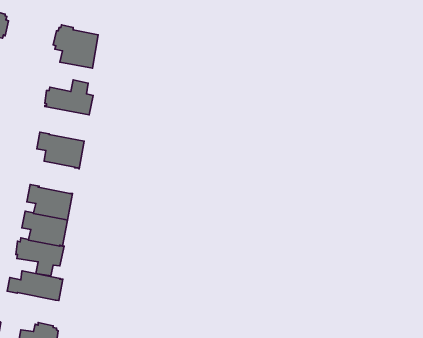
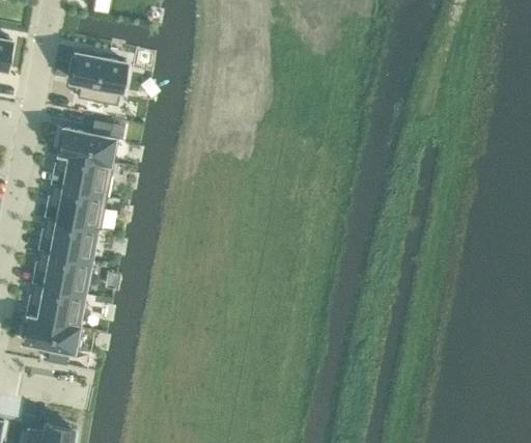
building: none -> [54,153,112,196]
building: none -> [40,217,97,261]
building: [7,271,63,301] -> none

